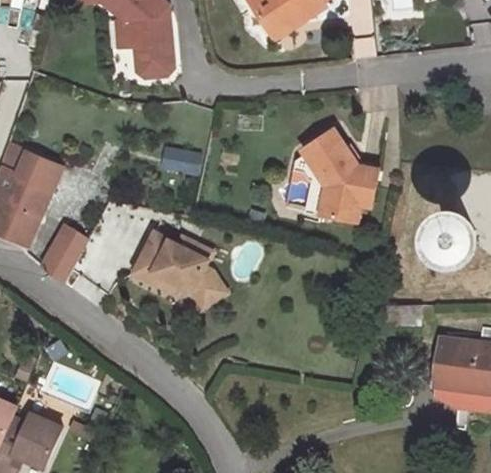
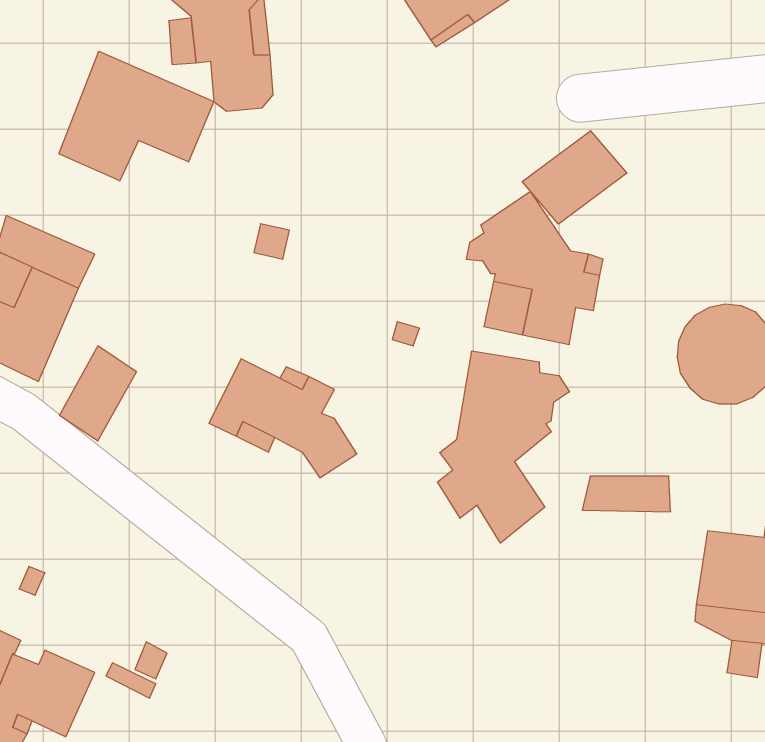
building: none -> [59,51,214,181]
building: none -> [522,131,627,224]
building: none -> [437,351,570,543]

